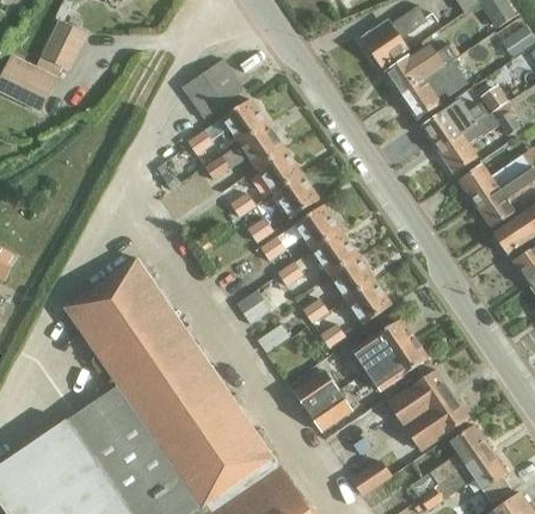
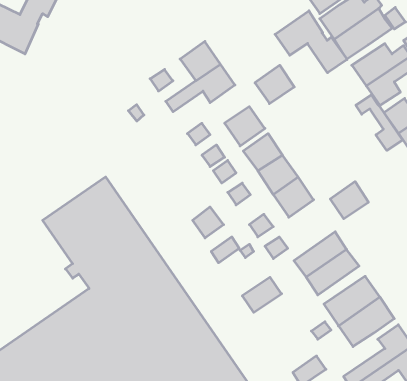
building: [182,58,245,119] -> none
building: none -> [275,11,347,73]
building: [256,149,301,193] -> [255,65,294,104]
building: none -> [356,95,402,150]
building: [346,281,391,324] -> [330,182,368,219]
building: [306,390,351,432] -> none

